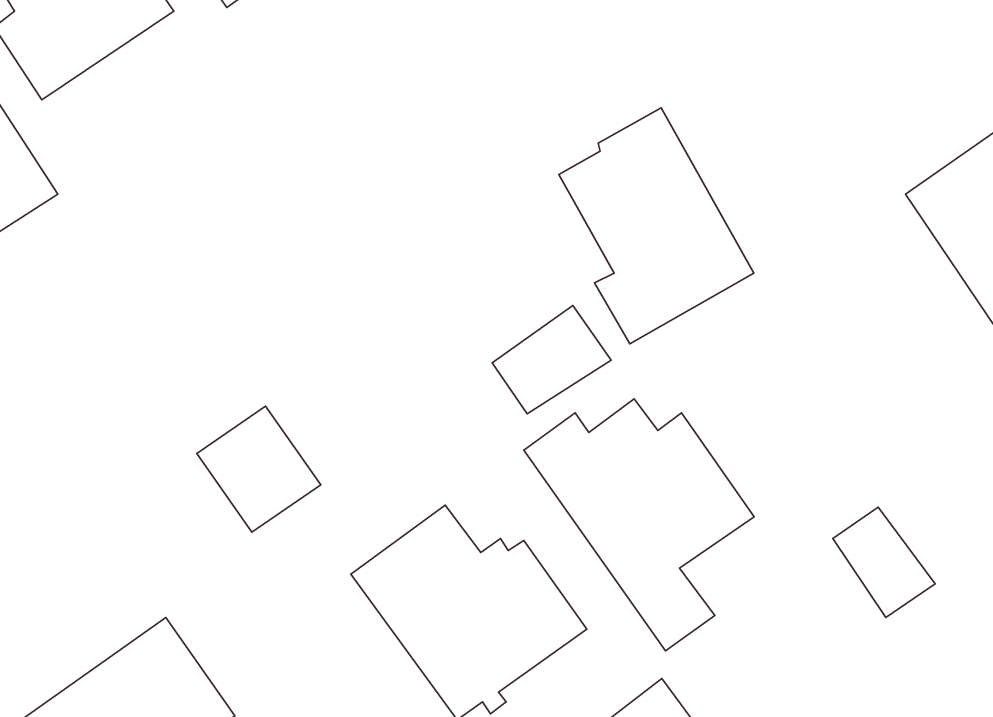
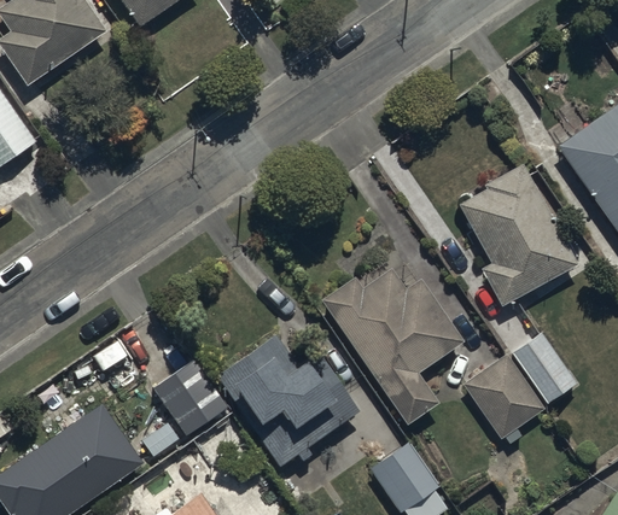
building: [559,108,754,344] -> [457,163,577,308]
building: [492,306,611,414] -> none
building: [197,406,321,532] -> [152,358,228,435]
building: none -> [462,355,544,447]

